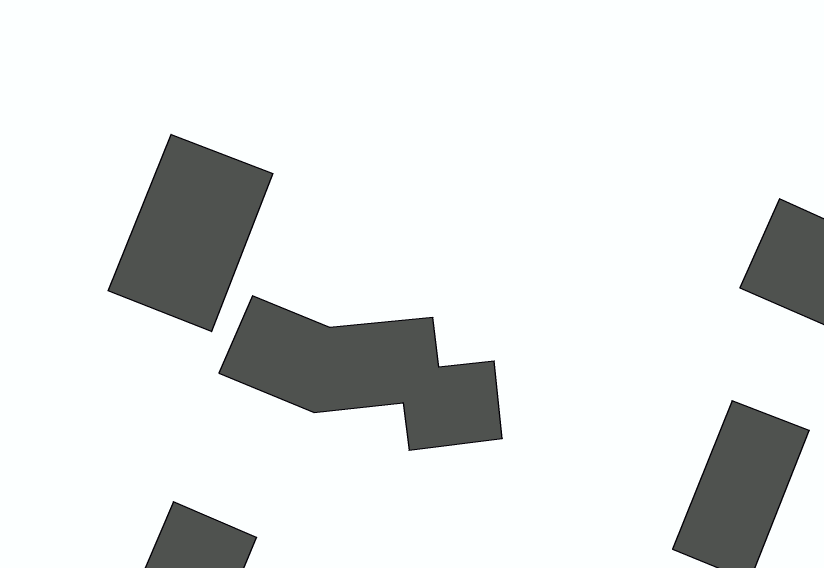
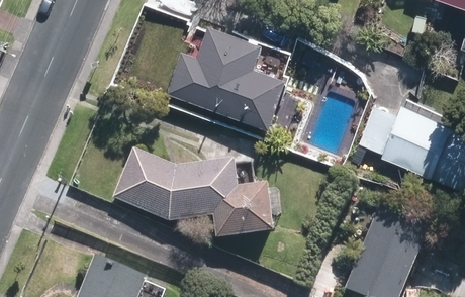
building: none -> [172,29,274,118]
building: [108,134,273,332] -> none

